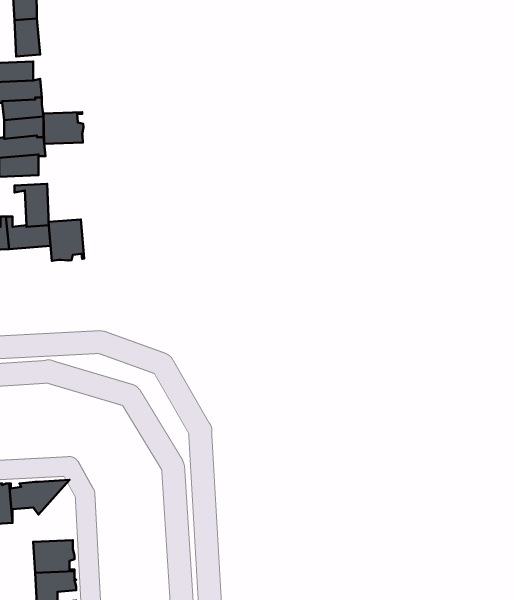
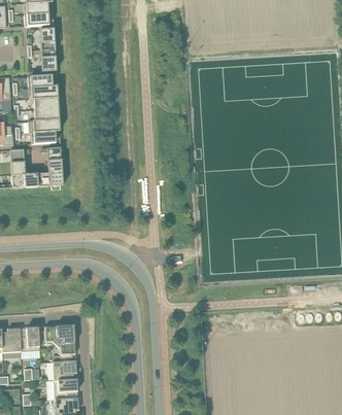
building: [44,112,83,144] -> none
building: [49,220,84,261] -> none
building: none -> [52,324,75,361]

